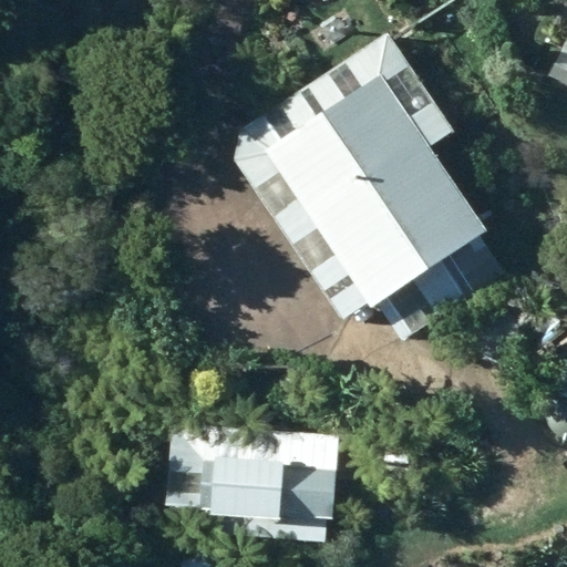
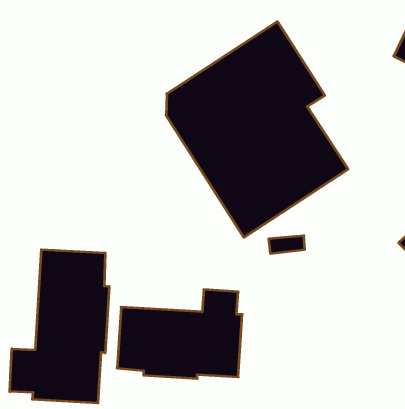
building: none -> [10,250,109,403]

